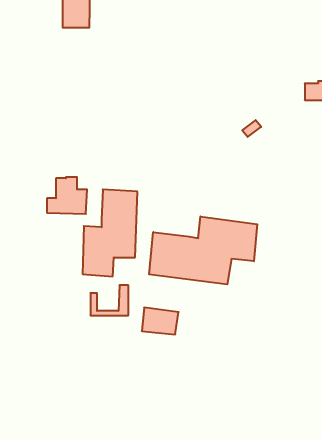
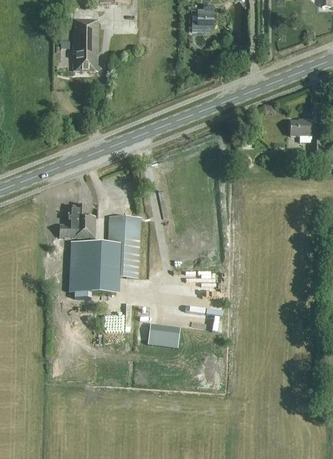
building: [149,216,257,284] -> none
building: none -> [68,241,108,298]

